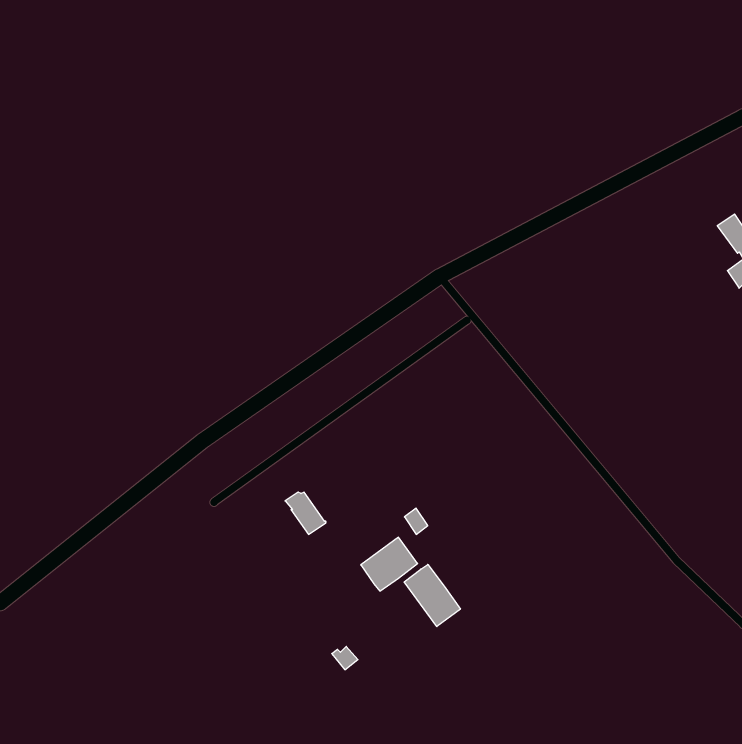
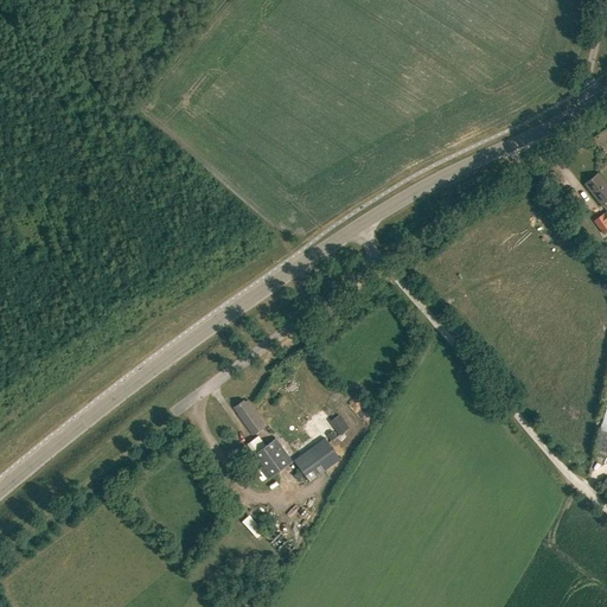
building: none -> [251,434,293,475]
building: [404,564,460,627] -> none

